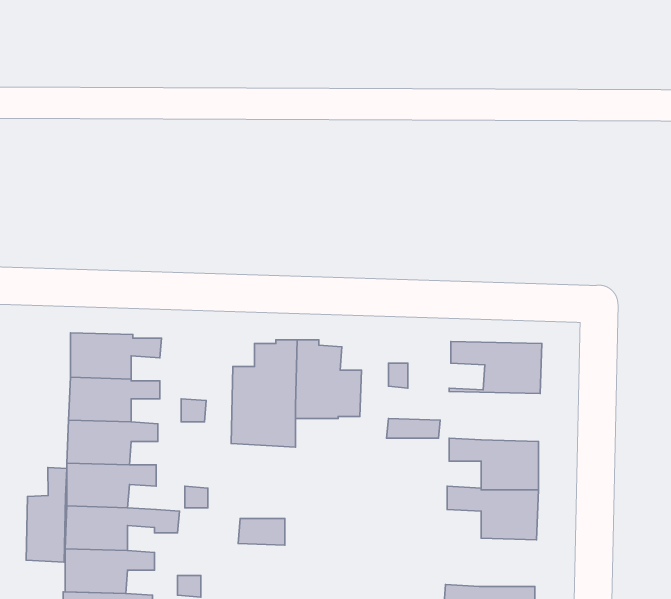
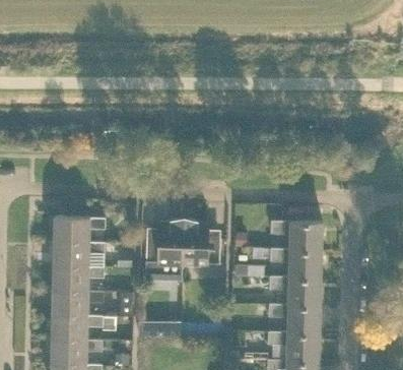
building: none -> [252,249,321,279]
building: [26,467,67,562] -> none
building: none -> [267,332,319,361]

